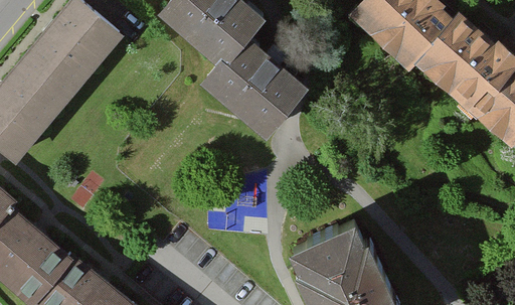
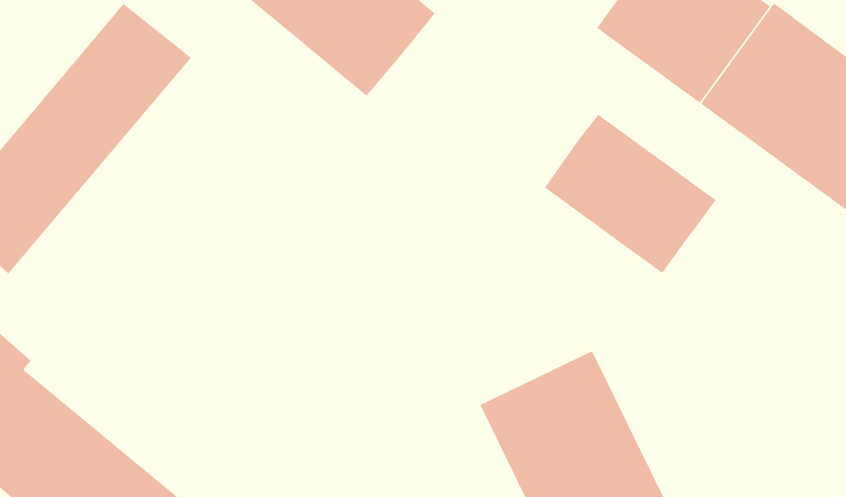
building: [203,35,302,132] -> none
building: none -> [544,114,717,274]

